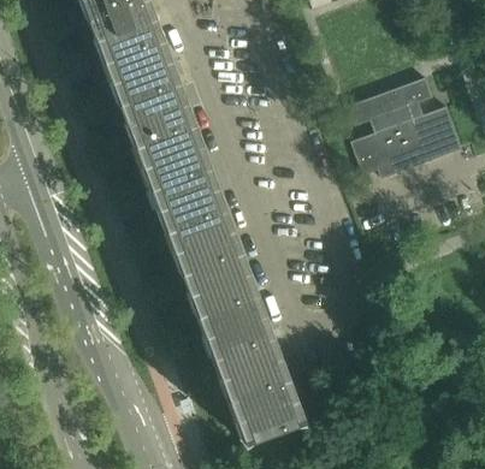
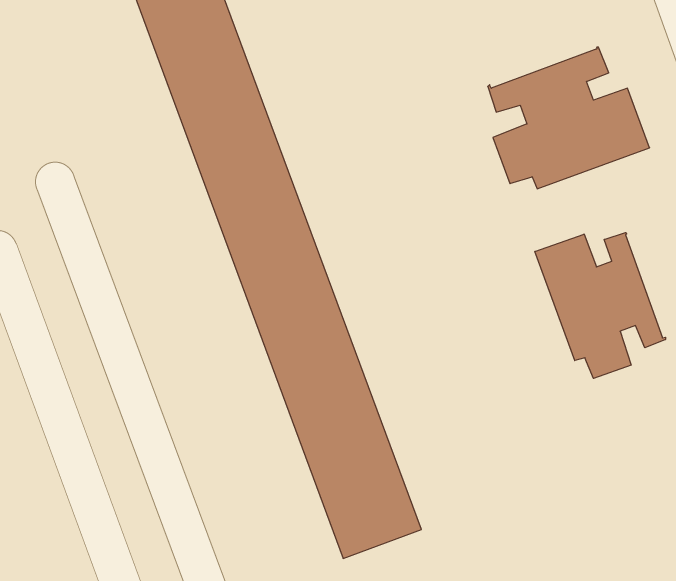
building: none -> [535,233,665,378]

